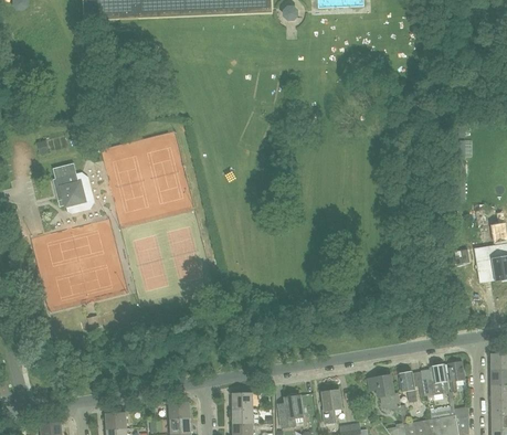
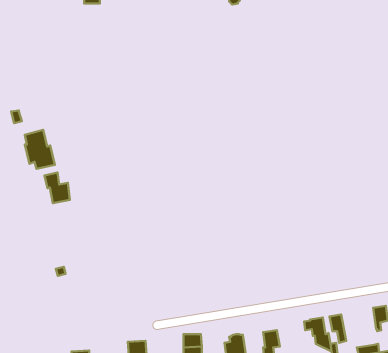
building: none -> [44,173,70,203]
building: [420,364,448,396] -> none

